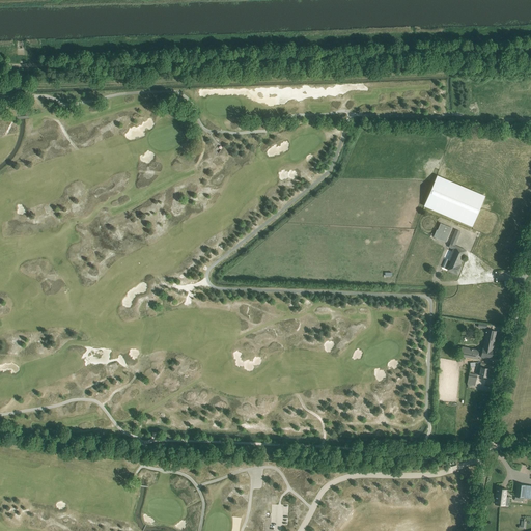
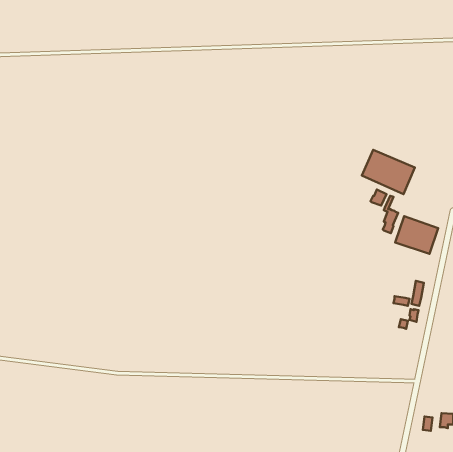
building: none -> [395,216,438,254]

